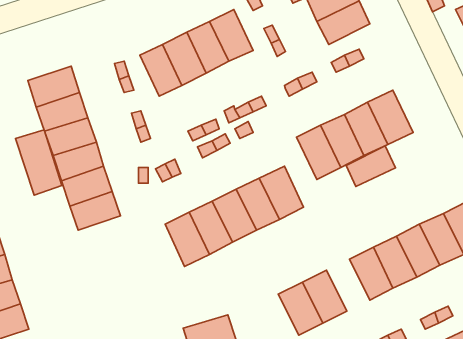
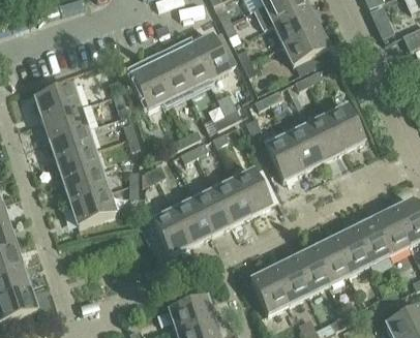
building: [15,130,62,195] -> none
building: [346,146,396,187] -> none
building: none -> [291,248,328,293]

